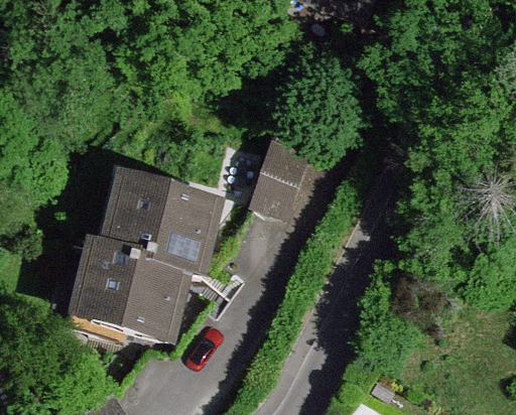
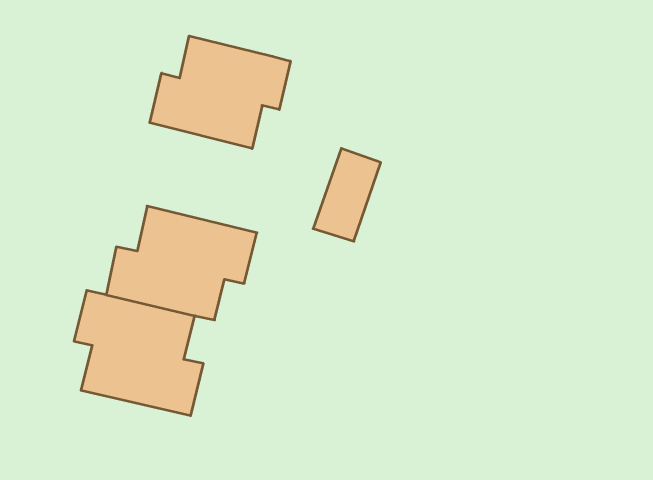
building: none -> [150,36,290,149]

